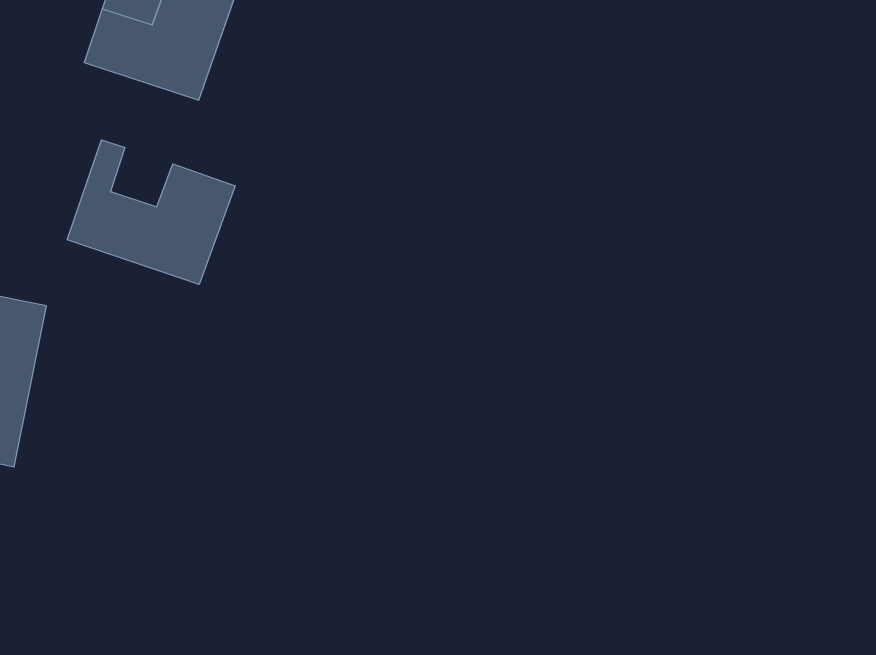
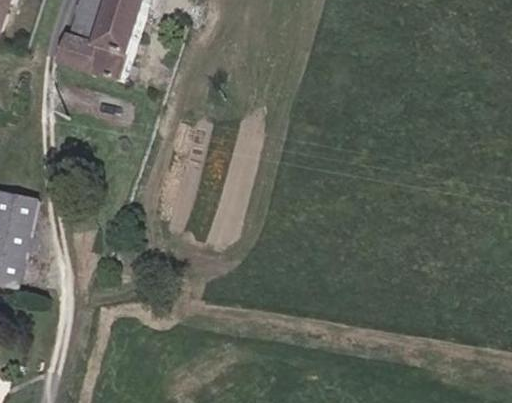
building: [67,140,235,284] -> none

